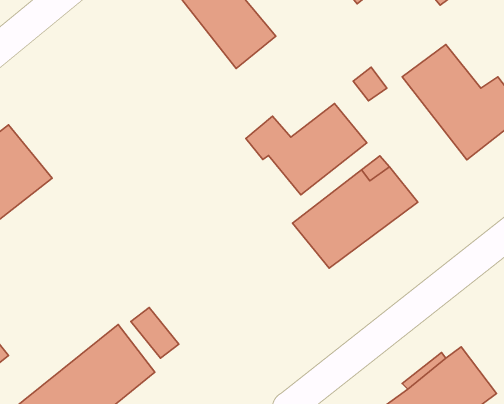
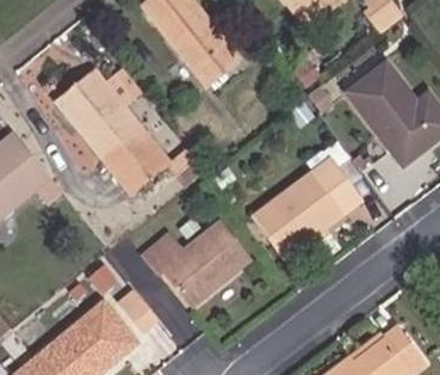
building: none -> [54,66,203,195]
building: [246,103,367,195] -> [144,225,247,302]

